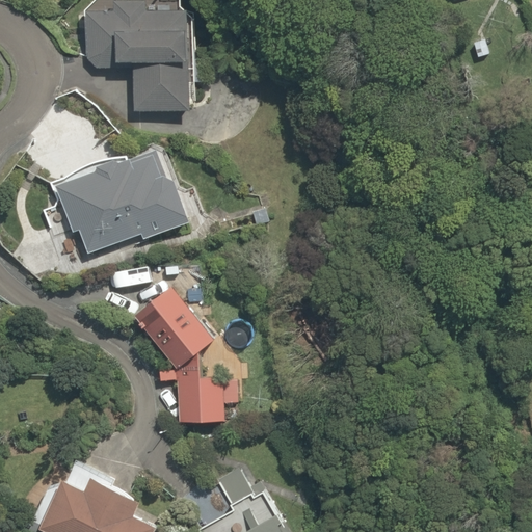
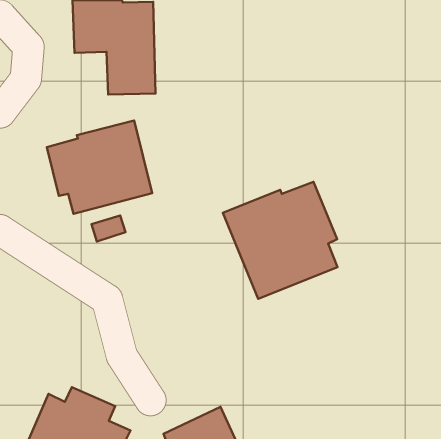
building: none -> [223,182,338,299]
building: [133,284,223,420] -> none

